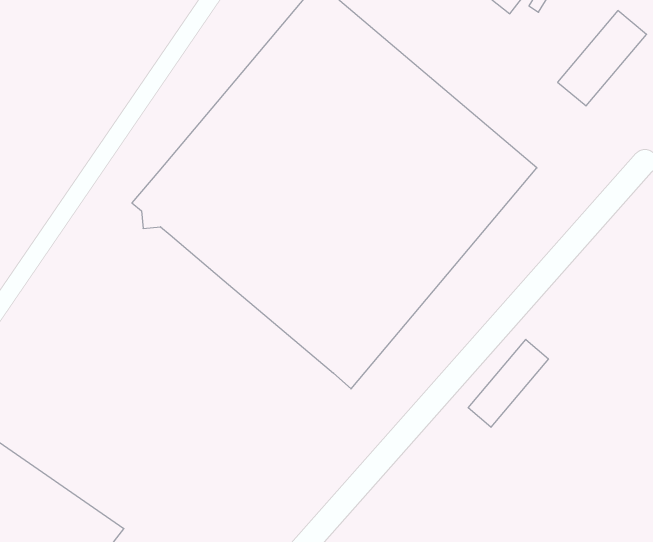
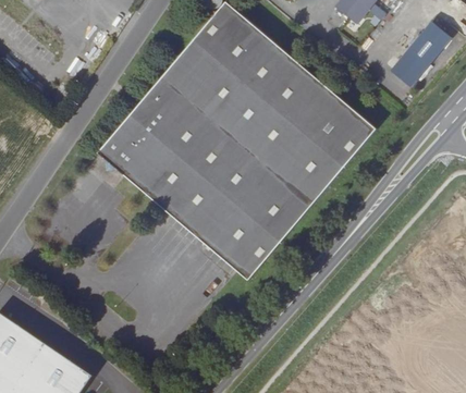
building: [468,339,548,427] -> none

